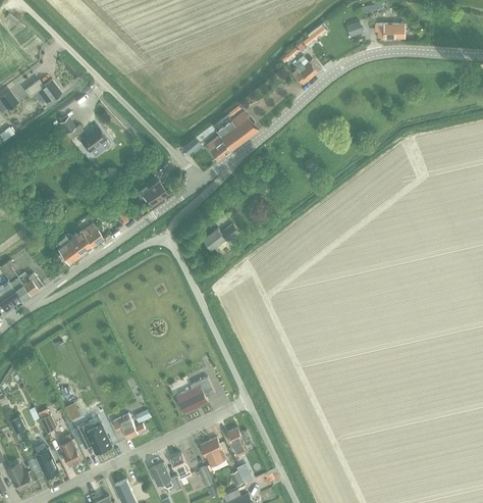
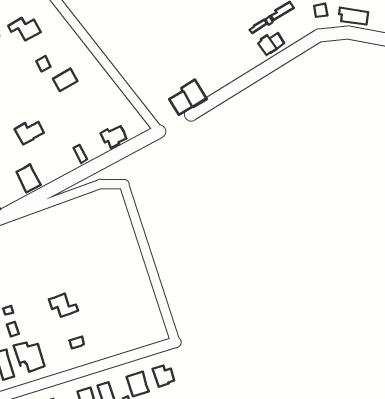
building: [229,110,258,139] -> none
building: [202,223,237,248] -> none
building: [69,227,101,253] -> [15,122,44,145]
building: [174,375,213,411] -> none
building: [111,412,144,438] -> [49,293,78,317]

